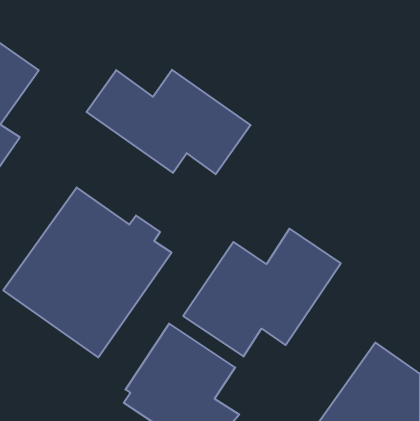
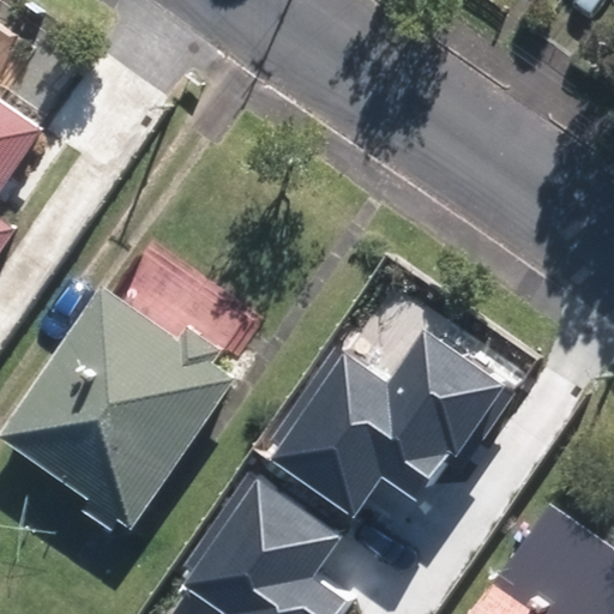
building: [87,70,251,174] -> none

